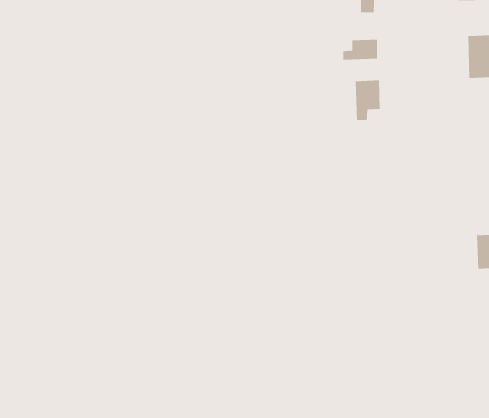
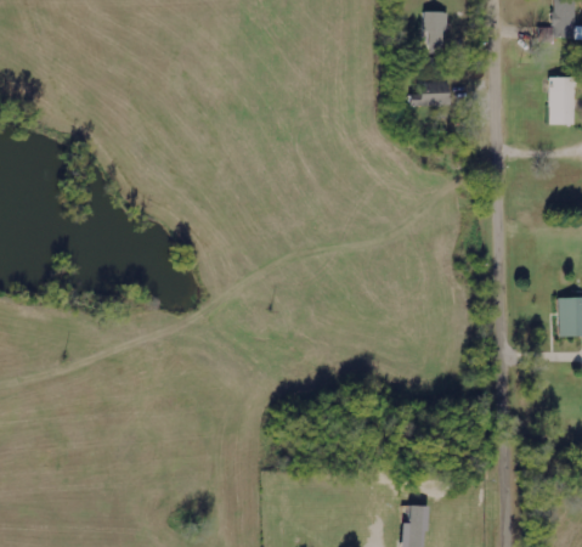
building: [355,79,380,121] -> none

